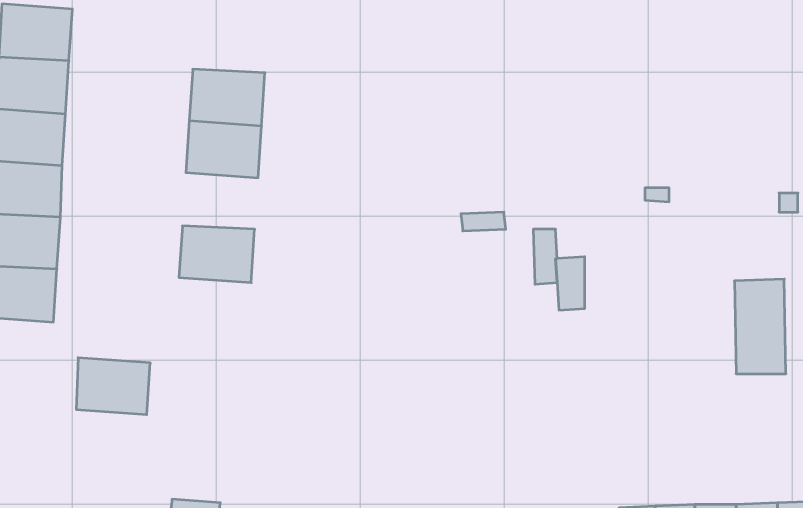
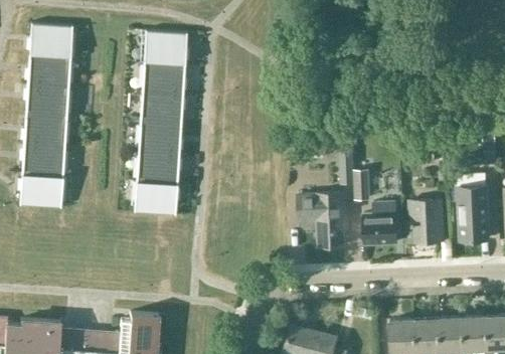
building: none -> [143,31,187,63]
building: none -> [137,122,181,155]
building: none -> [300,192,348,246]
building: none -> [408,198,446,241]
building: none -> [365,201,398,243]
building: [76,358,150,415] -> [134,183,177,216]

